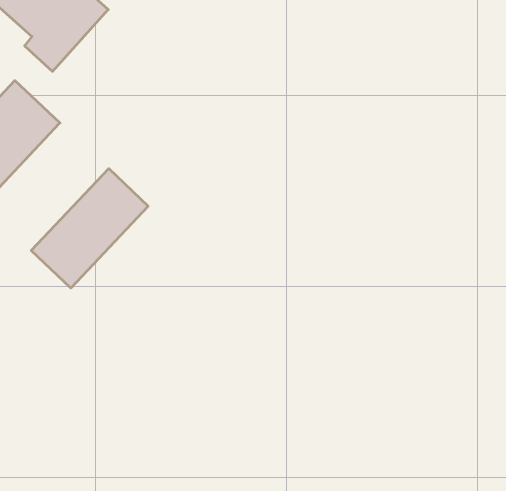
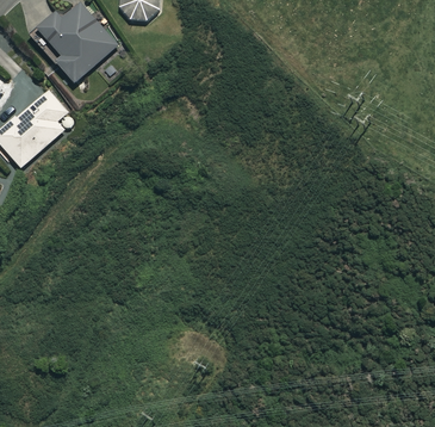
building: [31,169,148,288] -> none

